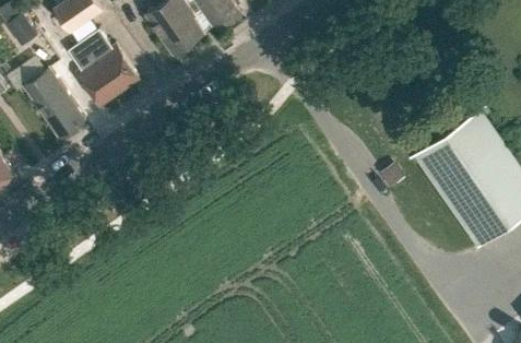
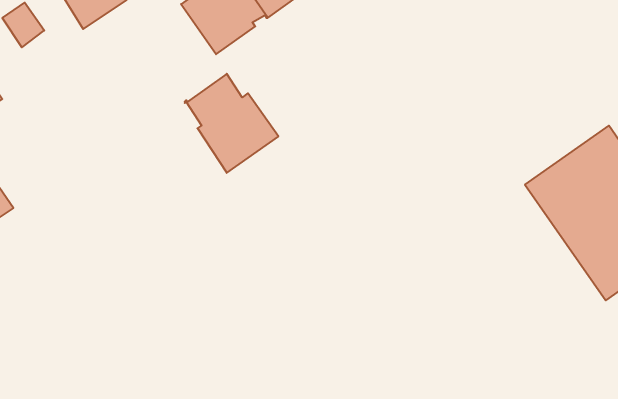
building: [66,28,139,106] -> [185,74,278,173]
building: [23,68,84,138] -> none

